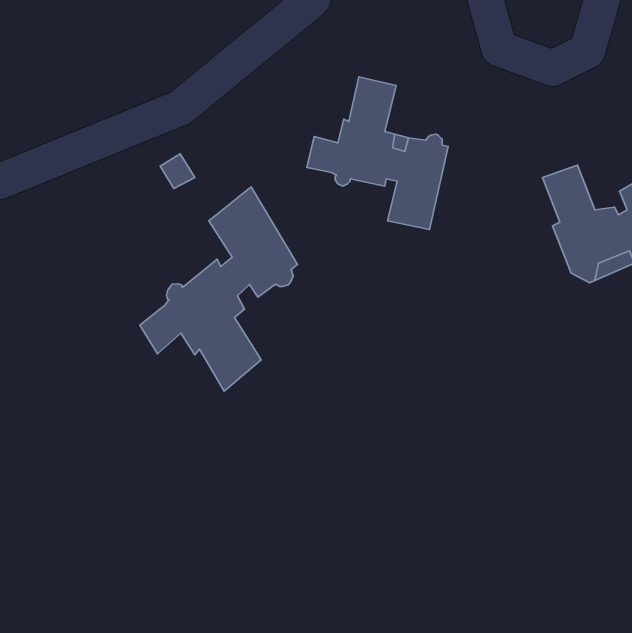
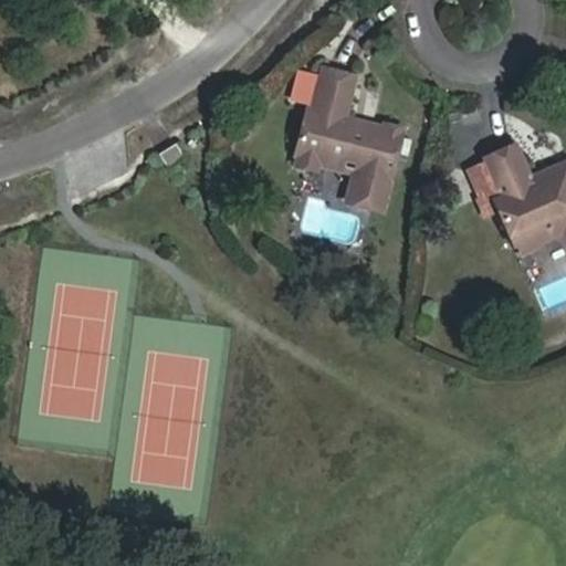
building: [140,187,297,391] -> none

